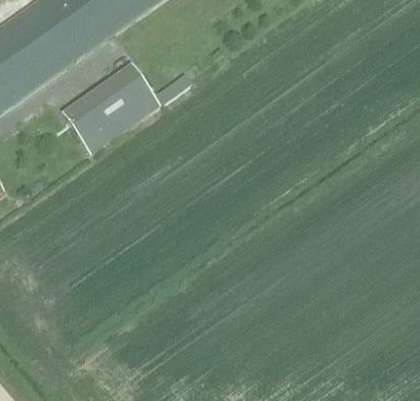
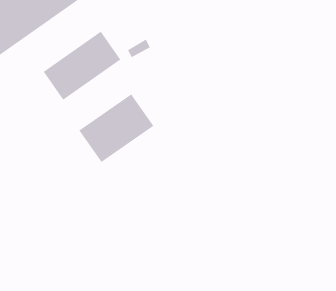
building: none -> [79,93,154,163]

